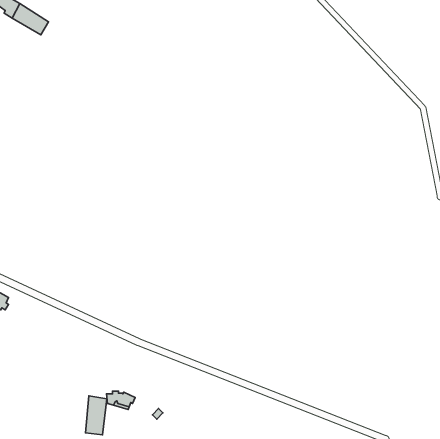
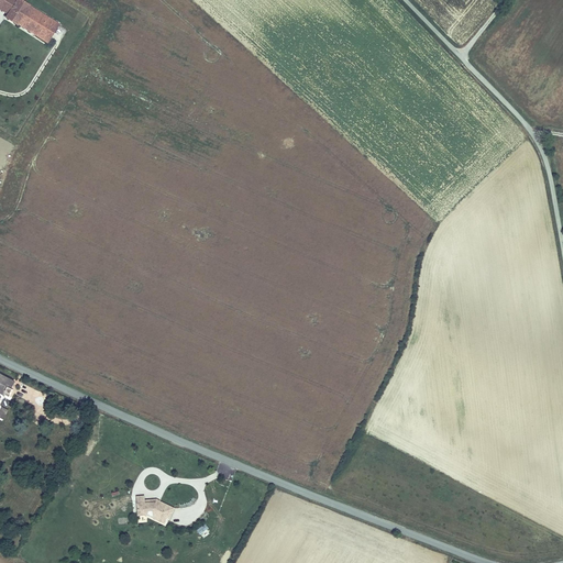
building: [86,396,107,435] -> none

